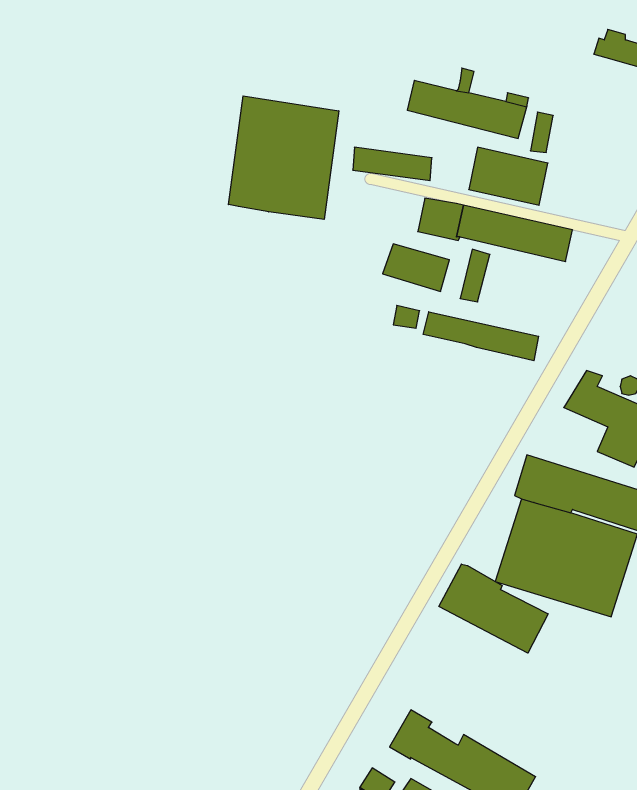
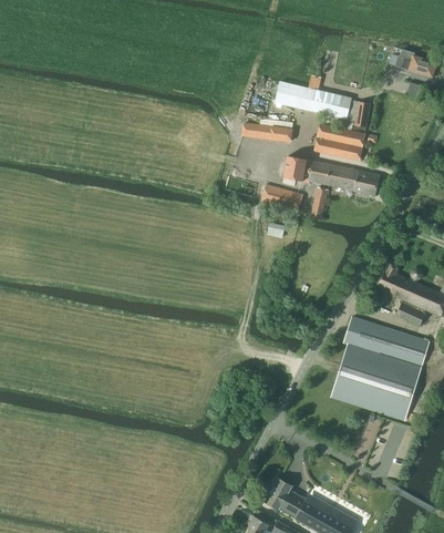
building: [228,96,339,219] -> none
building: [423,312,539,361] -> none
building: [439,564,548,653] -> none

